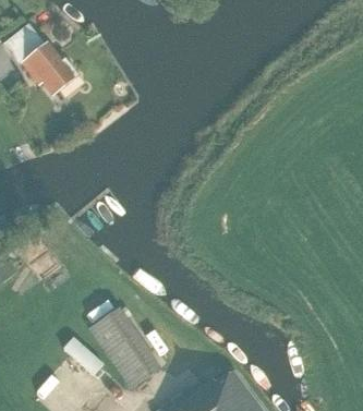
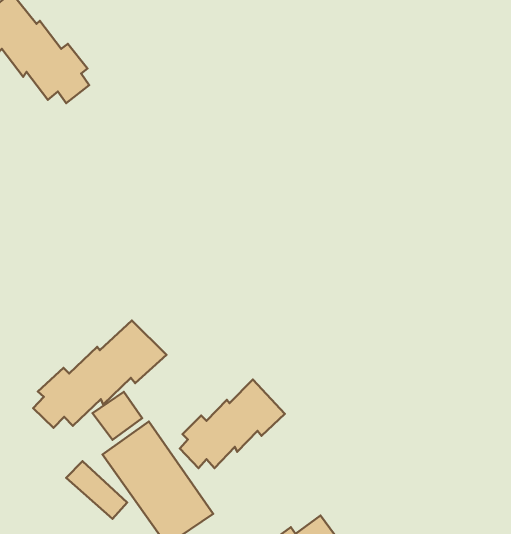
building: none -> [33,320,167,428]
building: none -> [180,380,285,468]

